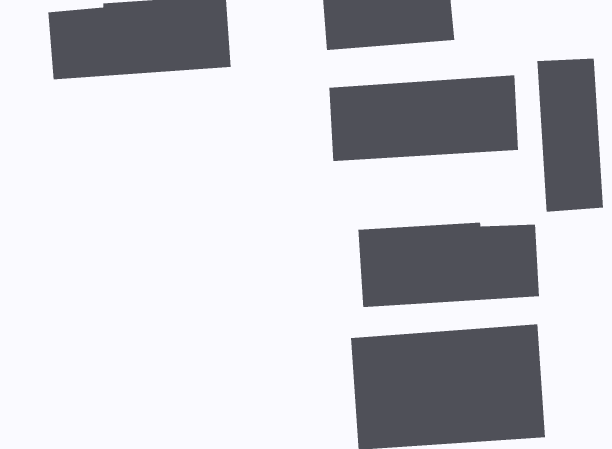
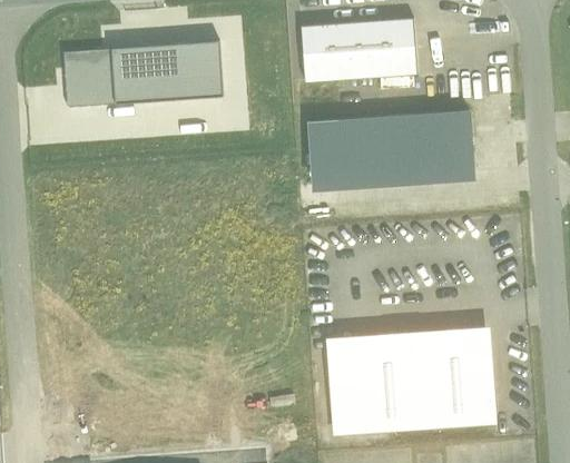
building: [537,58,603,212] -> none
building: [358,222,540,308] -> none

